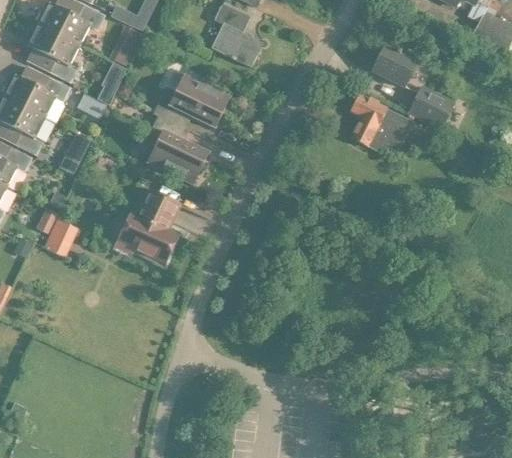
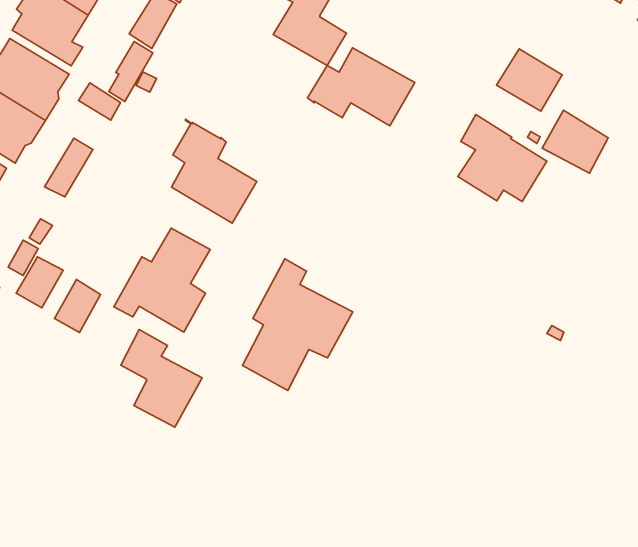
building: [154,75,229,128] -> [307,48,415,126]
building: none -> [242,259,353,391]
building: none -> [54,280,100,333]
building: none -> [121,330,202,427]

